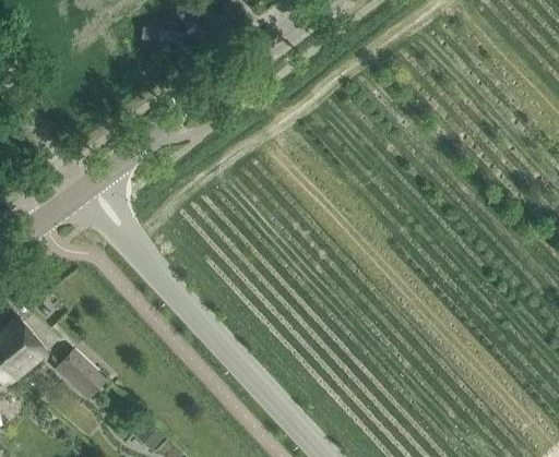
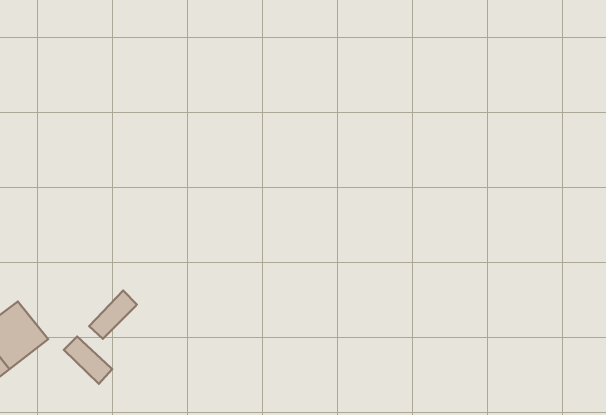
building: none -> [89,291,137,339]

